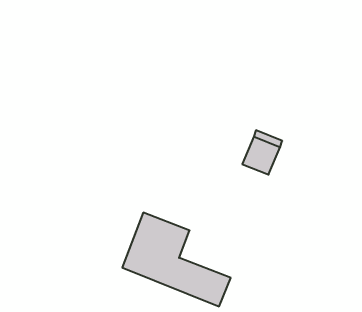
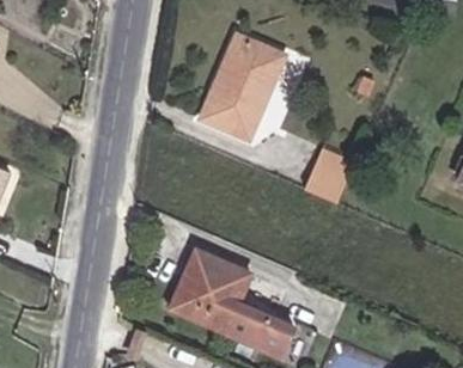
building: none -> [194,38,276,141]

